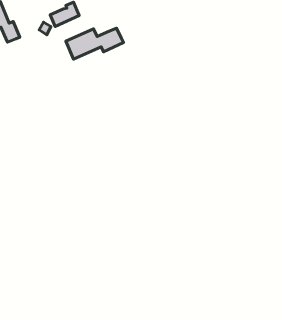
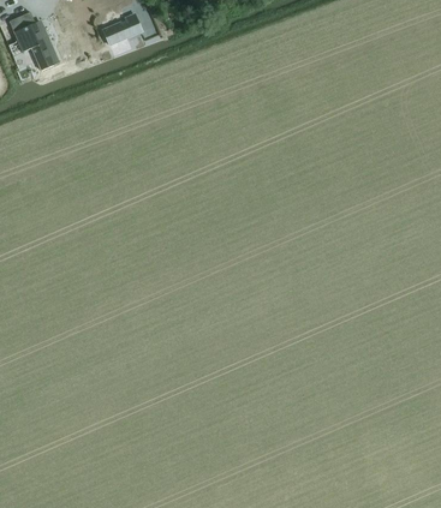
building: [66,28,124,59] -> none

